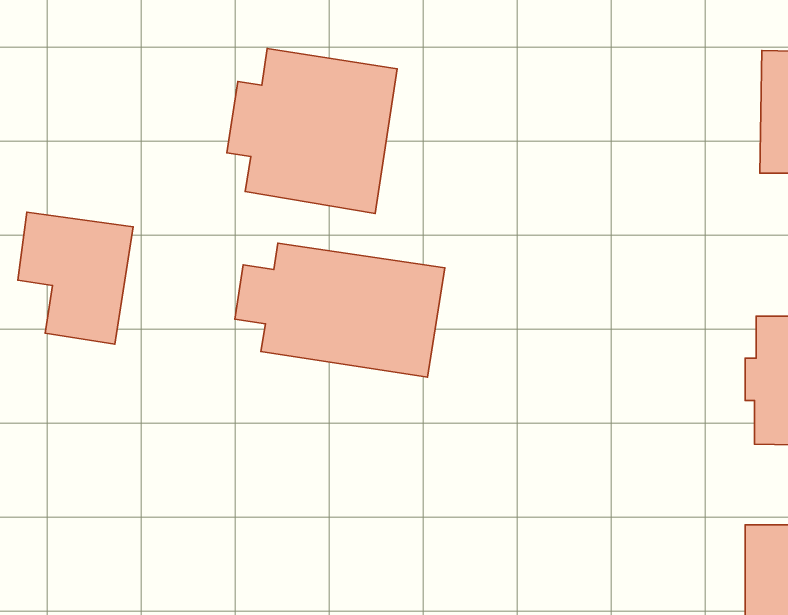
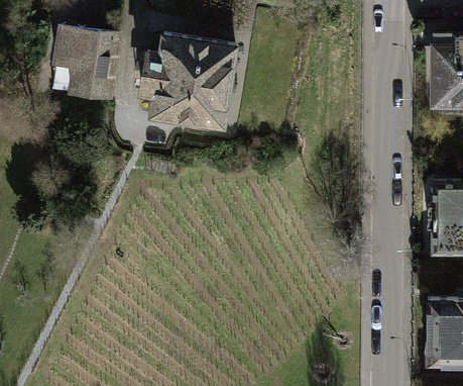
building: [18,212,133,344] -> [57,28,121,101]
building: [235,243,445,377] -> none

